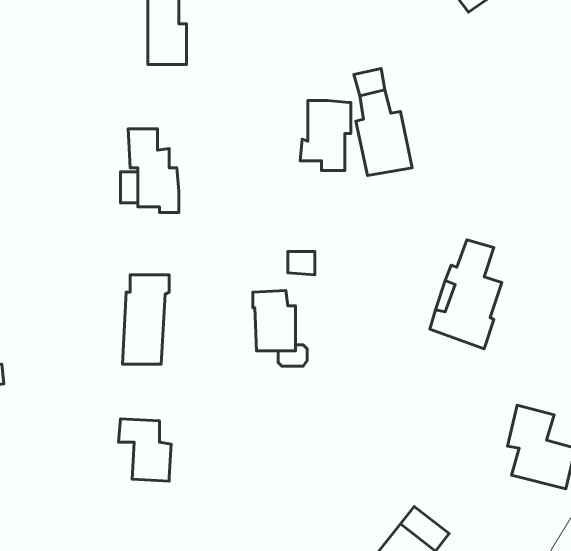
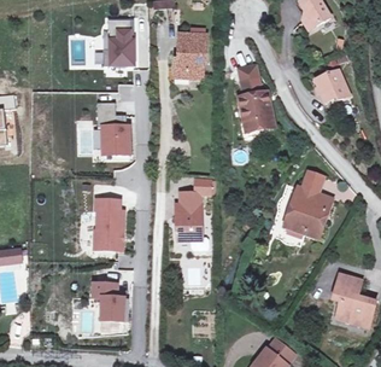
building: none -> [315,69,350,103]
building: [300,100,351,170] -> [174,34,205,77]

